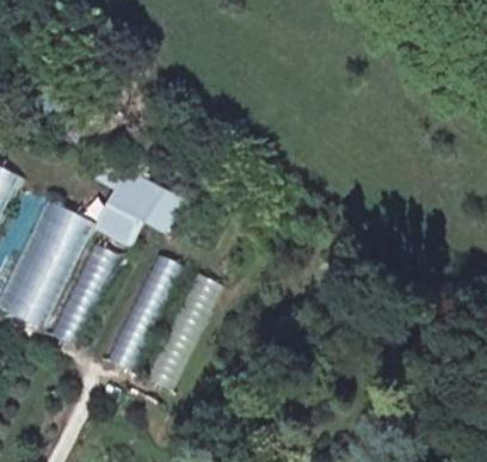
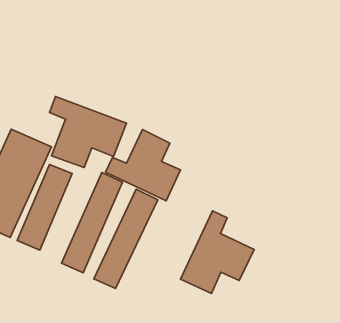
building: none -> [106,130,181,201]
building: none -> [180,211,254,294]

